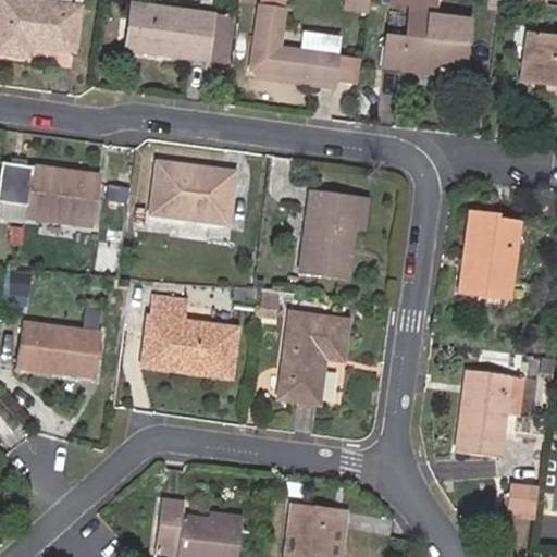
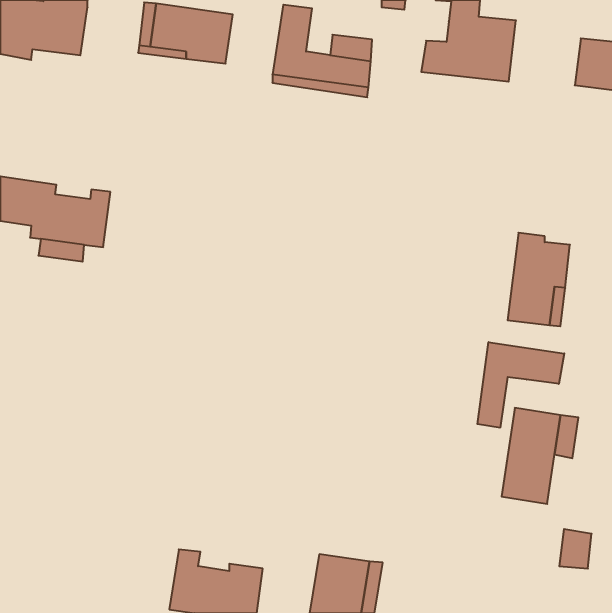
building: [206,13,235,62] -> none
building: [150,163,233,223] -> none
building: [299,191,367,275] -> none
building: [144,296,237,376] -> none
building: none -> [477,342,564,428]
building: [280,312,346,404] -> none
building: [17,321,99,375] -> none

